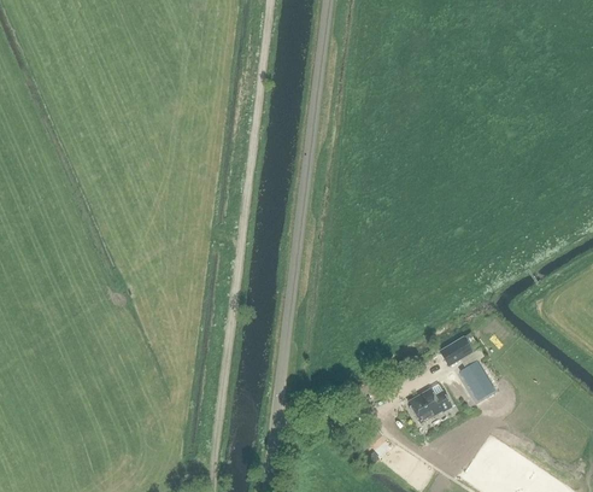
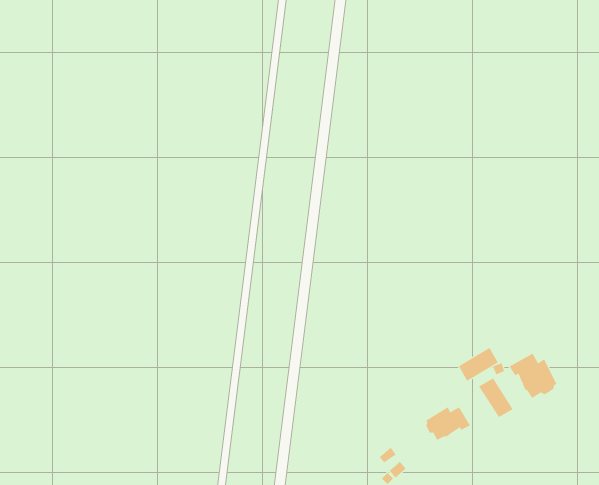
building: none -> [509,353,557,399]

